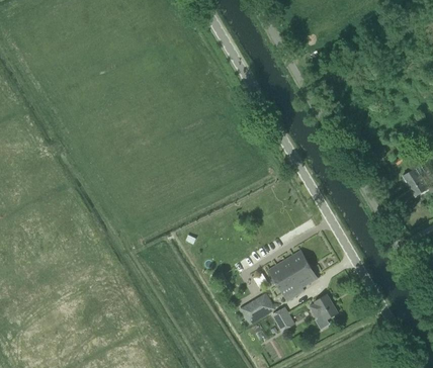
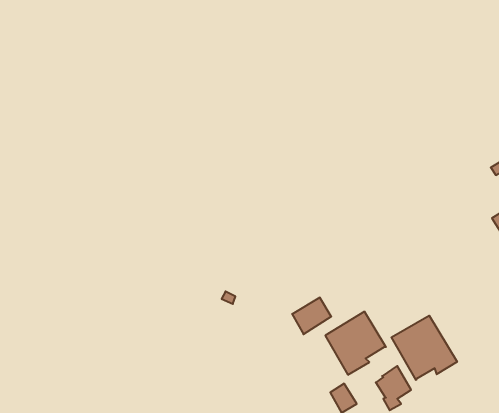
building: none -> [391,316,457,380]
building: [240,295,271,325] -> [292,298,331,334]

